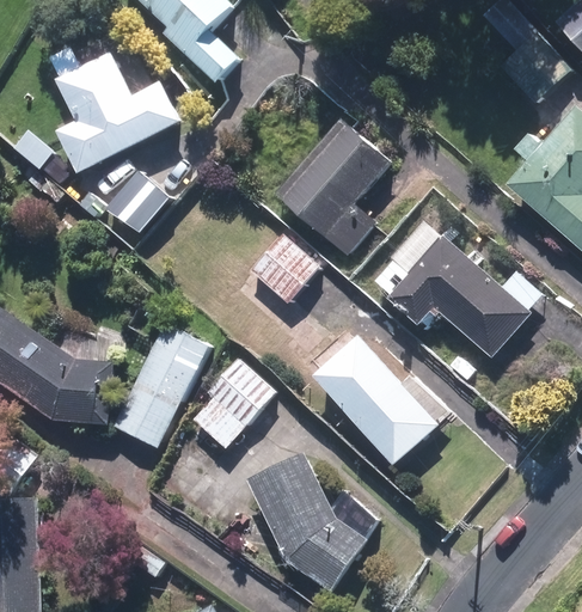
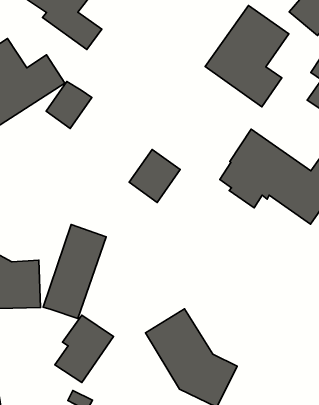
building: [272,117,392,257] -> [205,6,289,107]
building: [100,166,165,231] -> [46,81,92,128]
building: [313,336,448,465] -> none
building: [191,356,276,448] -> [55,315,114,383]

